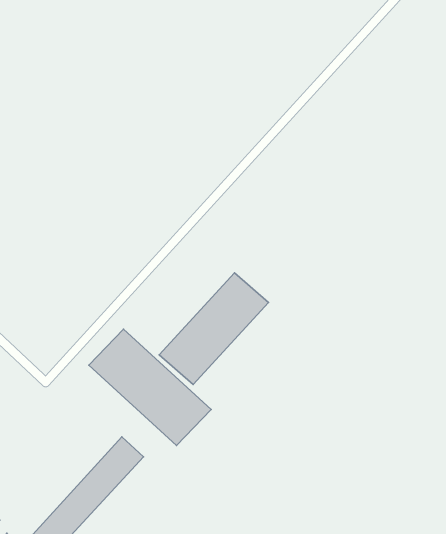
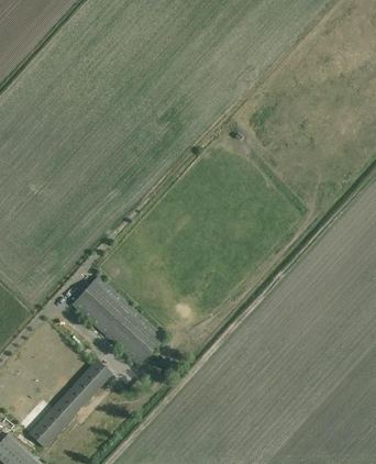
building: [159,273,268,385] -> none

